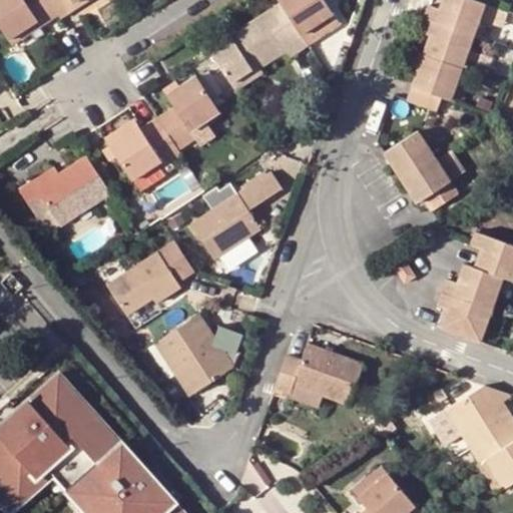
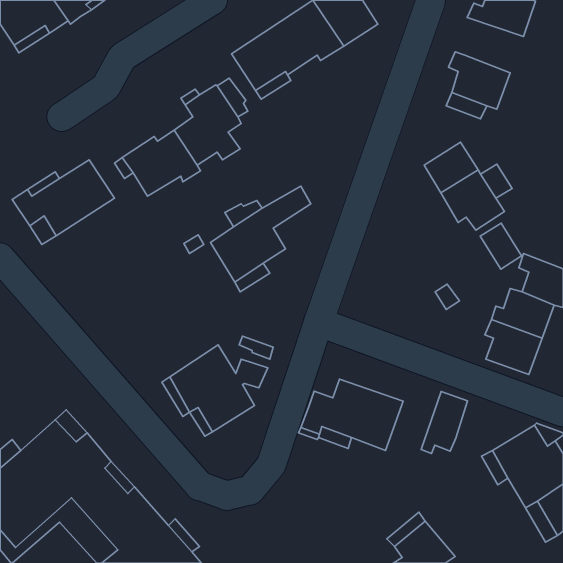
building: [420,16,476,66] -> none
building: none -> [480,223,521,269]
building: [105,239,193,313] -> none
building: none -> [421,392,468,454]

